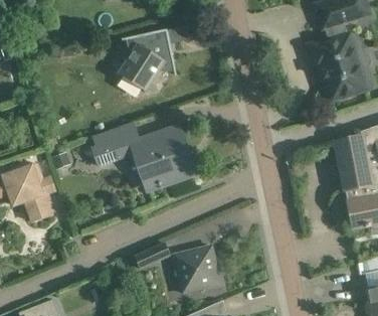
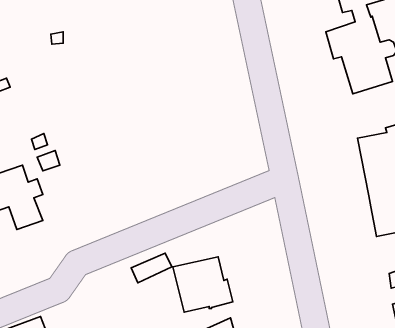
building: [119,29,176,92] -> none
building: [89,123,194,190] -> none

